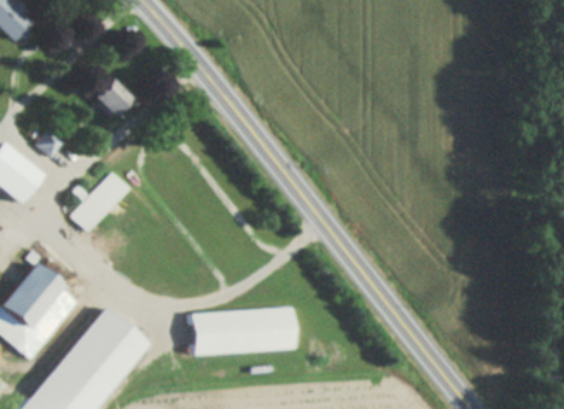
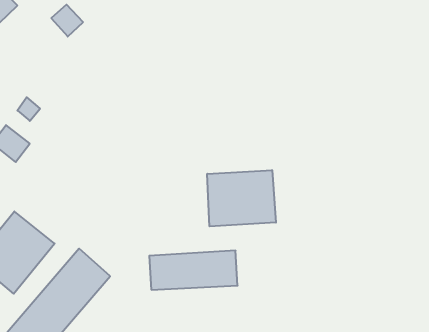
building: [92,82,129,119] -> [51,5,83,37]
building: [69,171,130,233] -> none
building: none -> [207,170,276,226]

